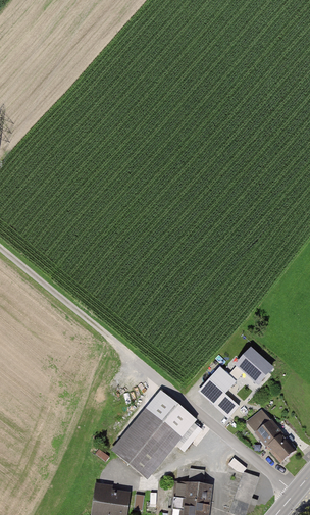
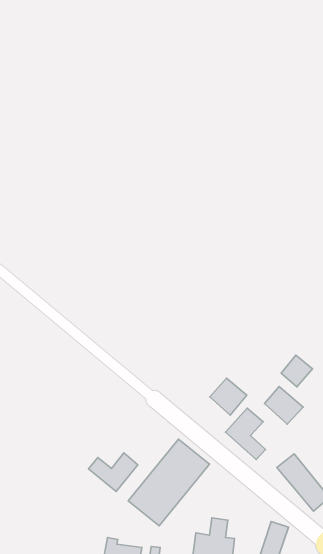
building: none -> [281,355,312,387]
building: none -> [210,378,247,415]
building: none -> [88,453,138,492]

